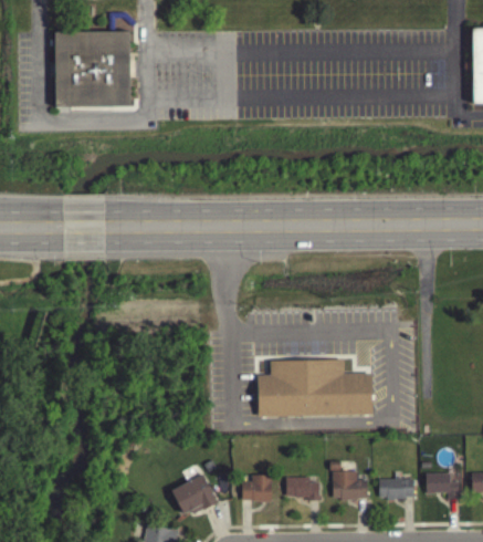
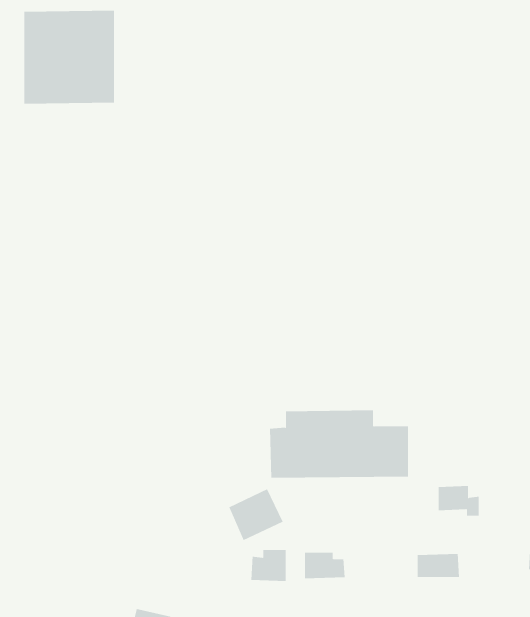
building: [332,461,368,499] -> none
building: [426,472,460,498] -> [438,485,479,516]
building: [172,473,218,517] -> [229,488,284,541]

